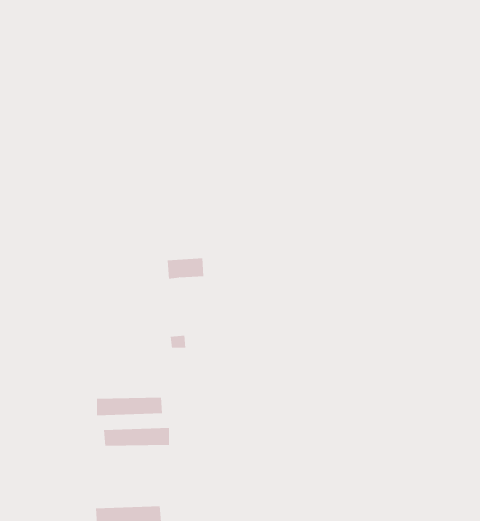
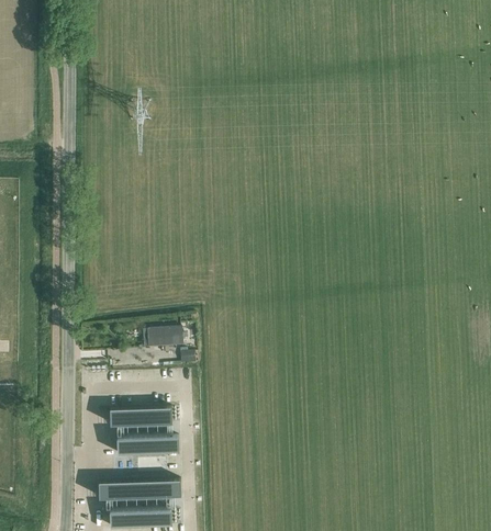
building: [167,258,204,279] -> [146,327,181,347]
building: none -> [98,481,180,498]

